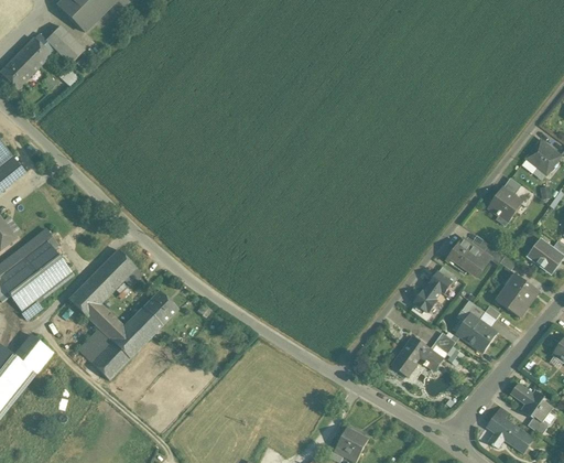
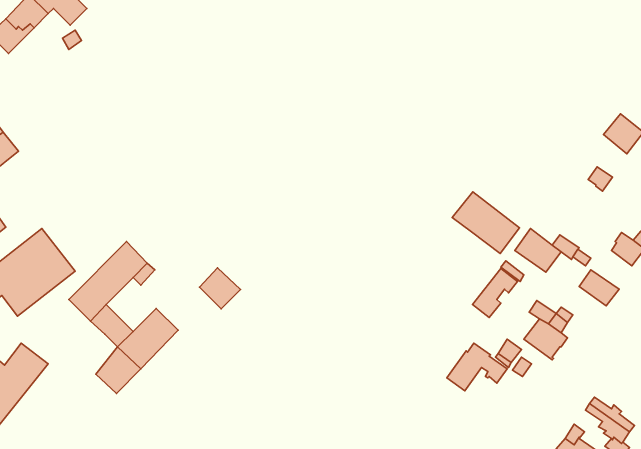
building: [488,189,519,217] -> none
building: none -> [452,192,519,254]
building: [496,288,528,317] -> none
building: [142,290,177,325] -> [199,268,241,309]
building: [77,329,109,363] -> none

